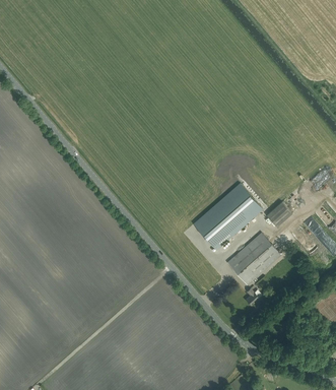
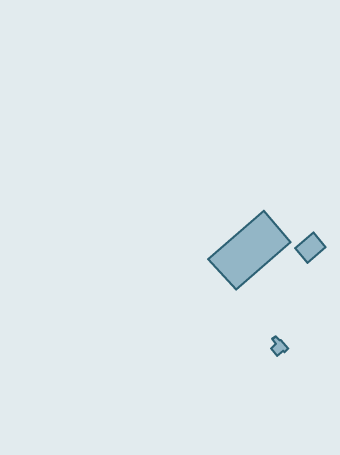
building: [226,234,280,285] -> none

